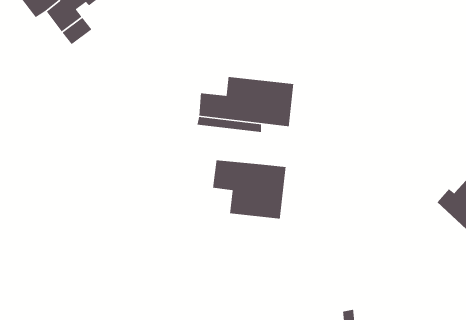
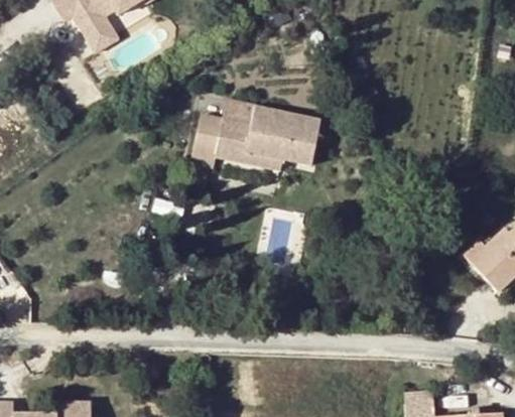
building: none -> [199,115,229,163]
building: [212,160,286,219] -> none

